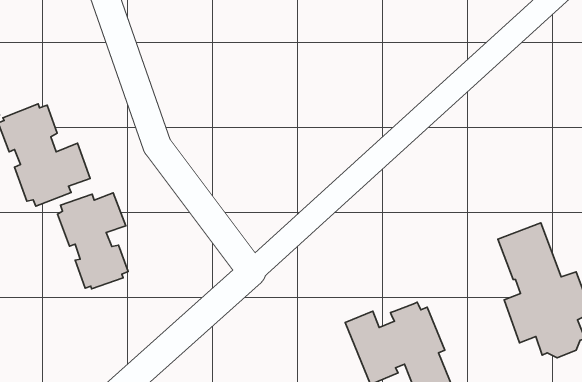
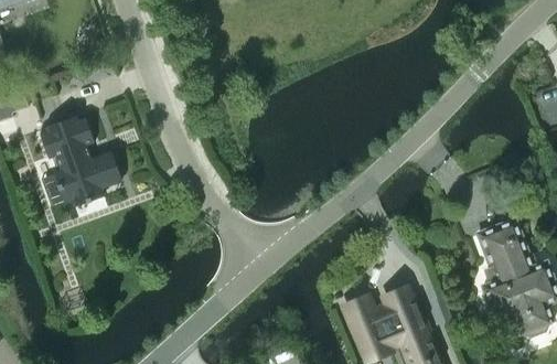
building: [58,193,128,289] -> none

